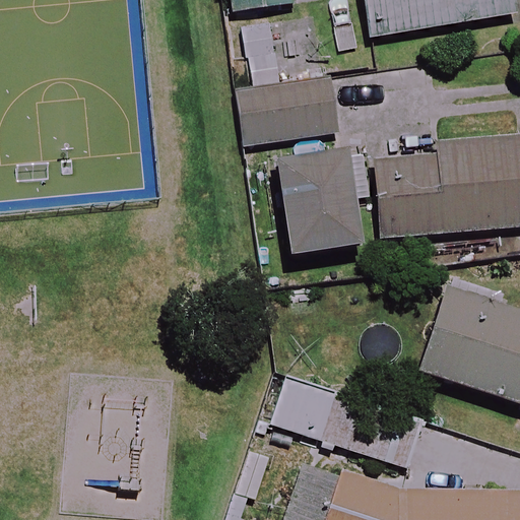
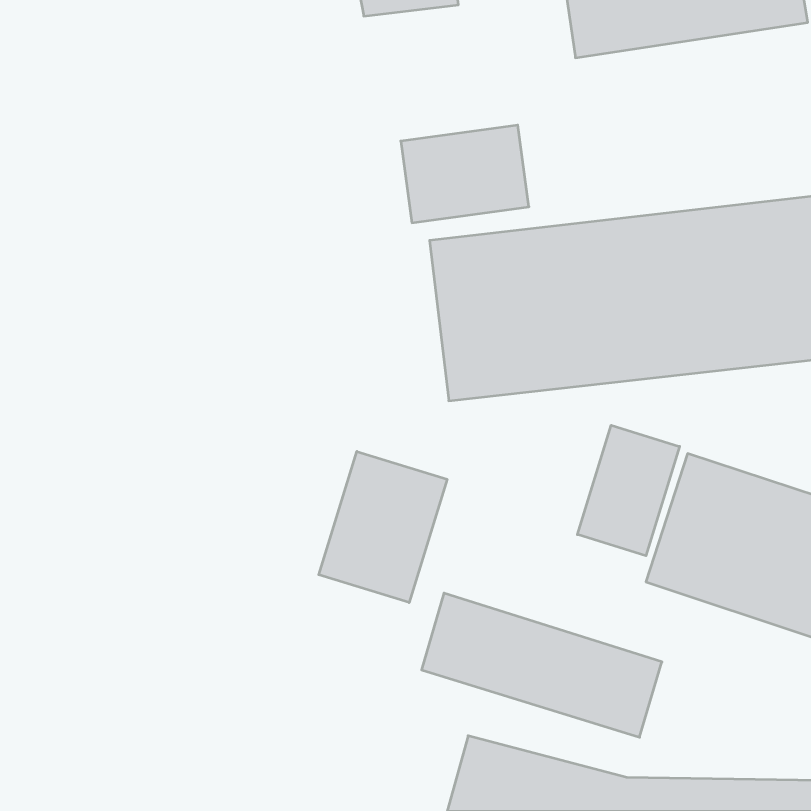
building: none -> [577,425,680,556]
building: none -> [319,451,447,603]

